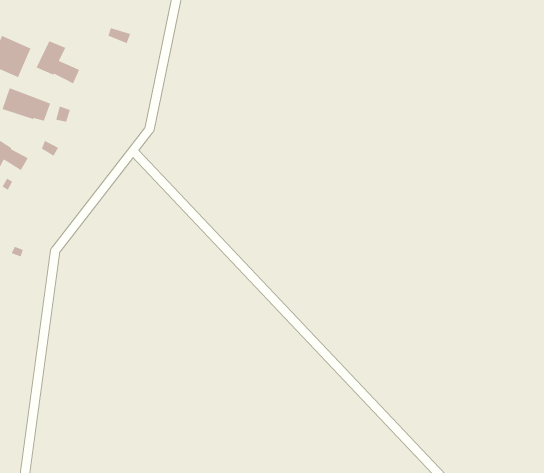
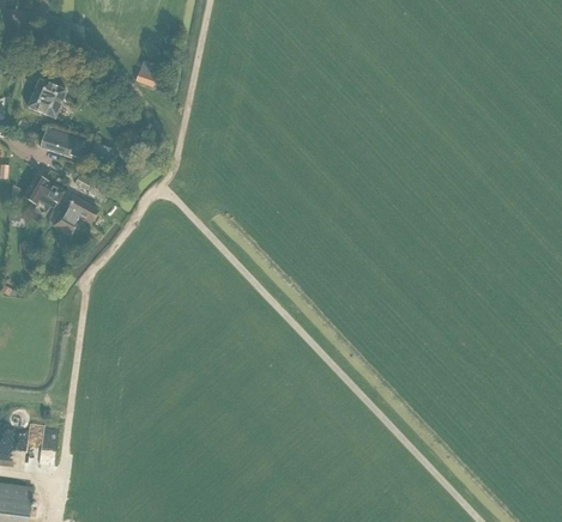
building: [36,40,80,84] -> none
building: none -> [53,194,98,233]

